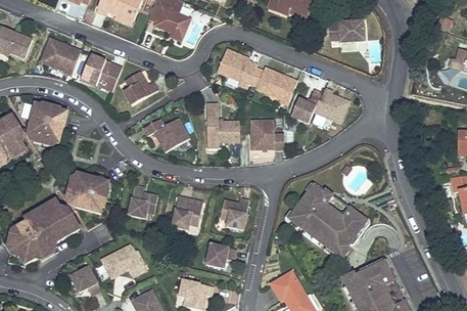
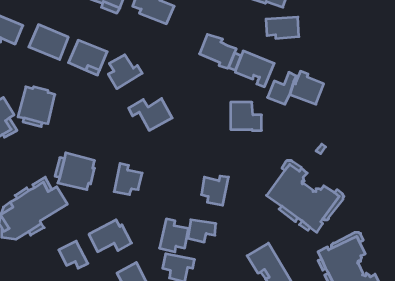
building: [330,20,365,43] -> [266,17,299,38]
building: [206,101,241,146] -> none
building: [172,194,202,229] -> [159,219,189,252]

